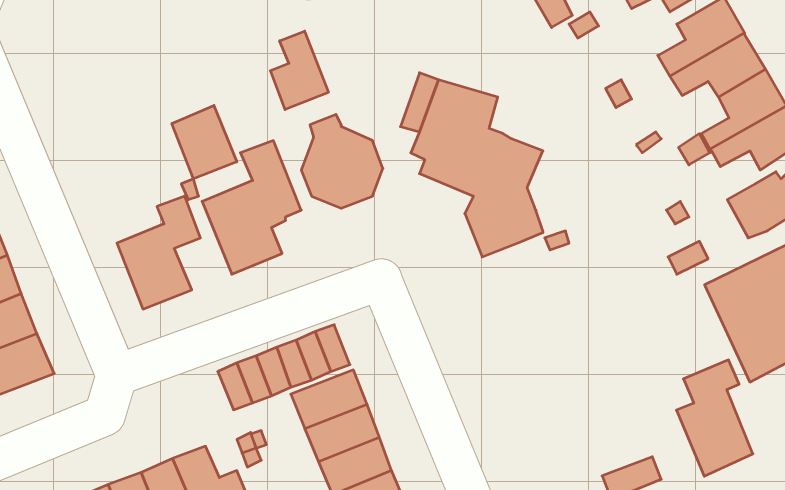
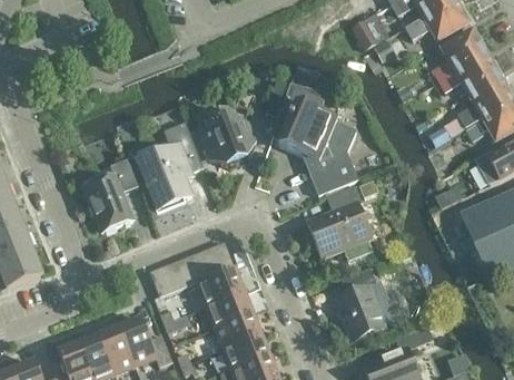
building: [270,31,328,110] -> none
building: [172,105,237,179] -> none
building: none -> [310,185,370,257]
building: [676,360,753,476] -> [337,266,386,341]

